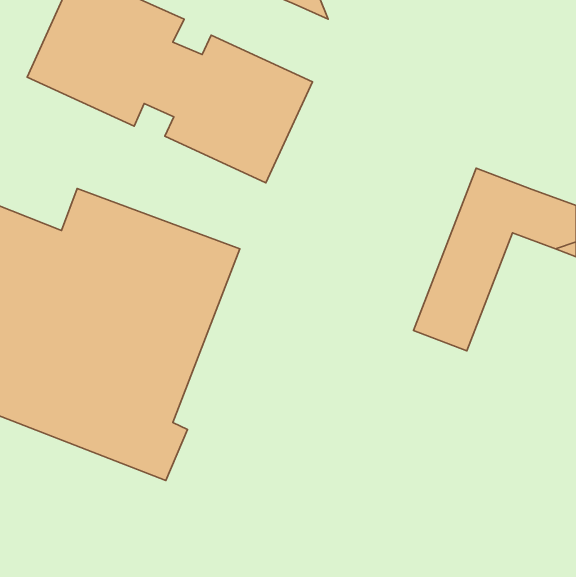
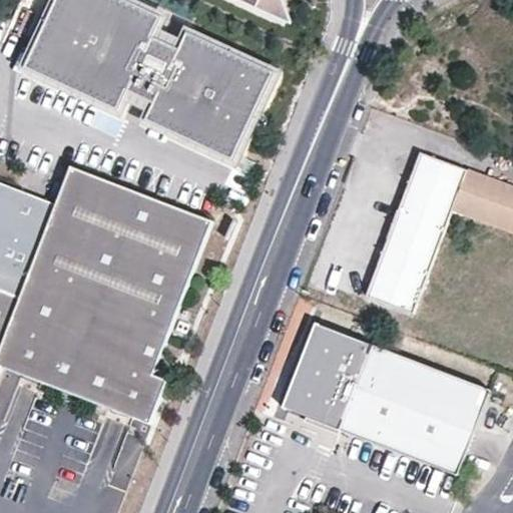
building: none -> [282,322,487,471]

